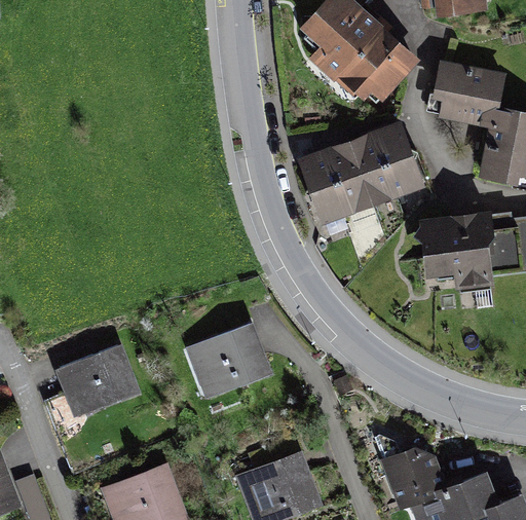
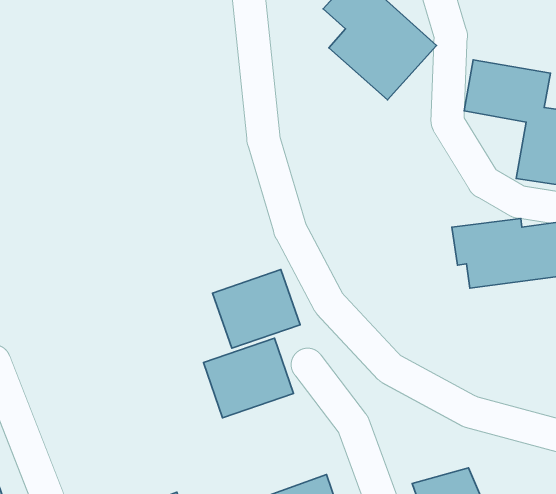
building: [302,123,422,224] -> none
building: none -> [213,270,300,348]
building: [57,346,133,415] -> none

